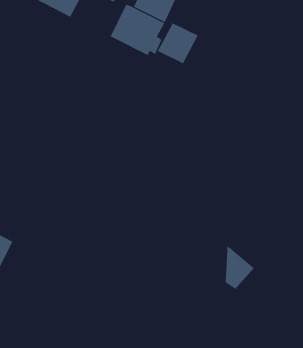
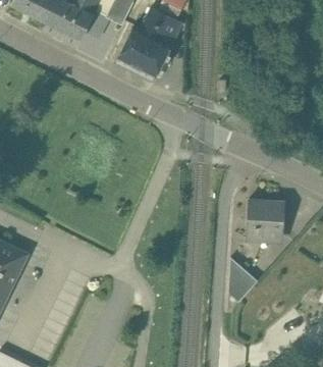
building: [157,22,198,64] -> none
building: none -> [246,199,284,241]

